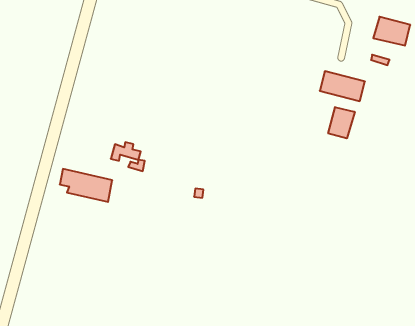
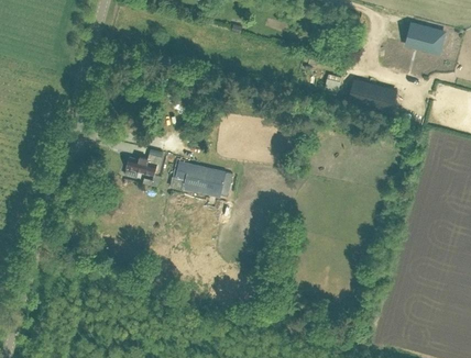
building: [328,107,355,138] -> none
building: [60,169,112,202] -> [176,160,232,195]

